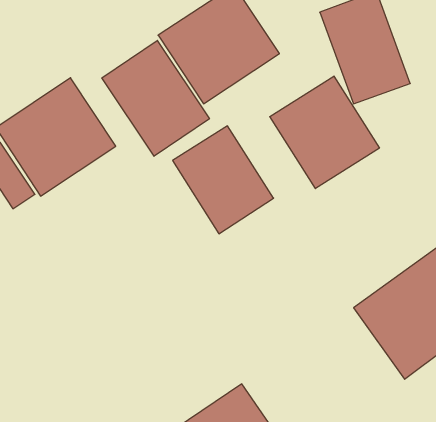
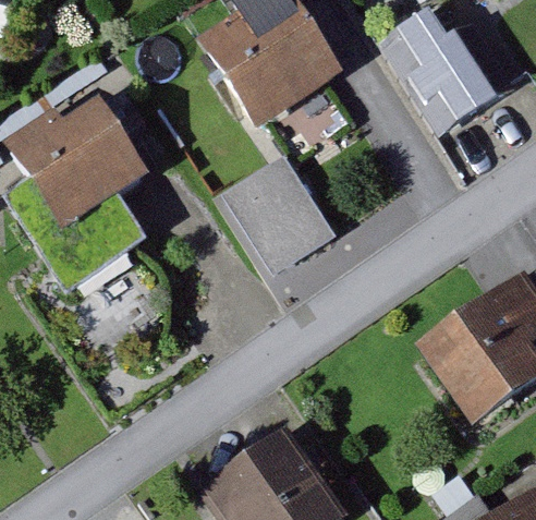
building: [102,40,209,156] -> none
building: [270,76,379,189] -> none

